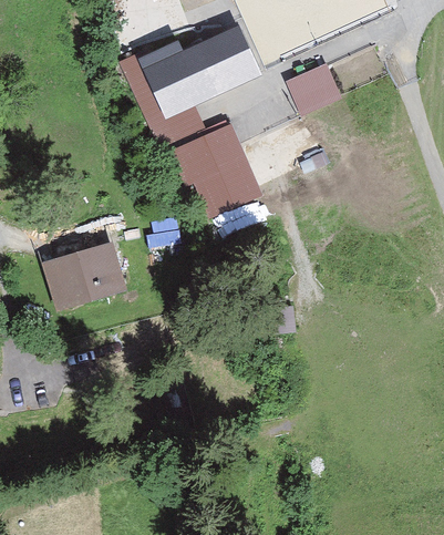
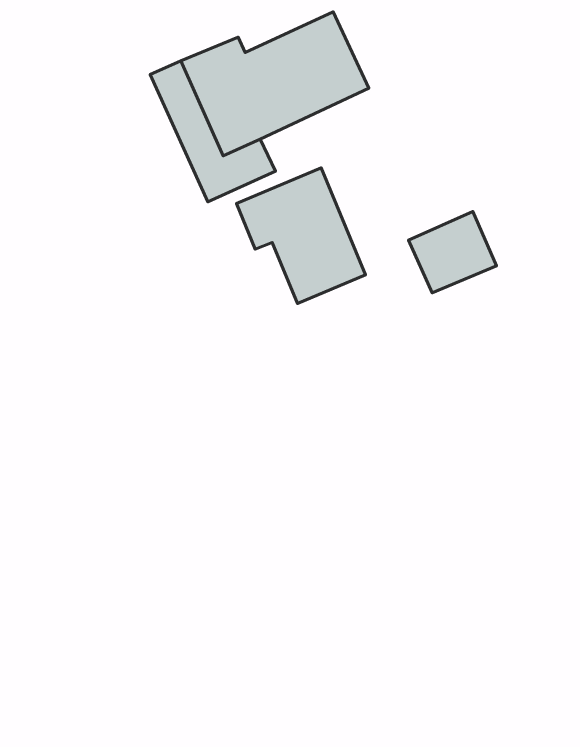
building: [283,63,341,116] -> [409,211,497,293]
building: [42,243,125,308] -> none

